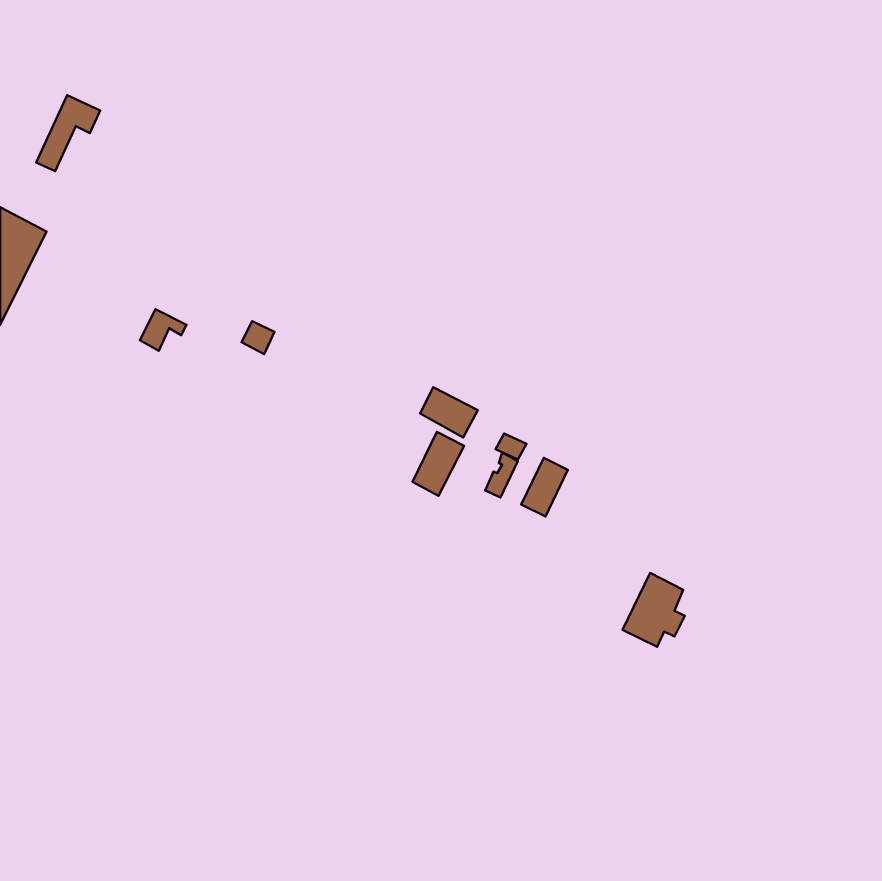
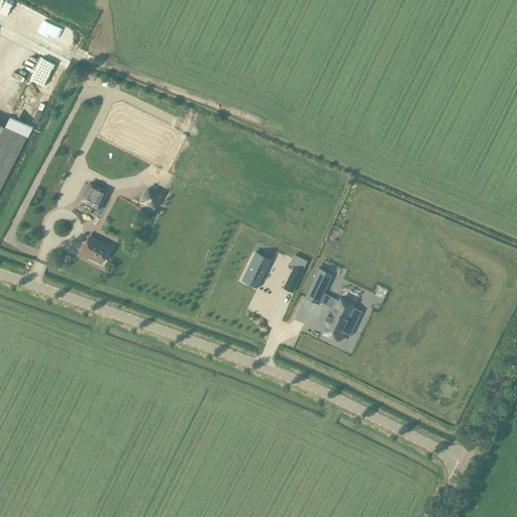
building: [420,387,478,438] -> none
building: none -> [83,236,110,262]
building: [623,573,685,647] -> [320,297,356,340]

